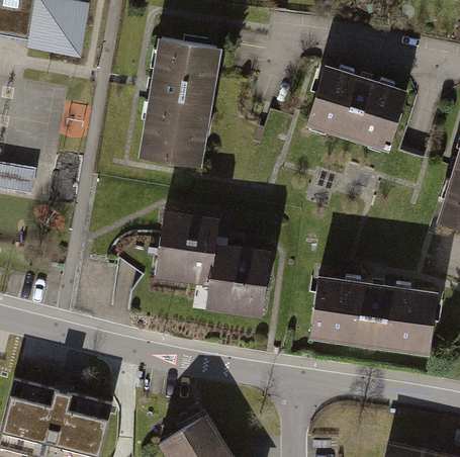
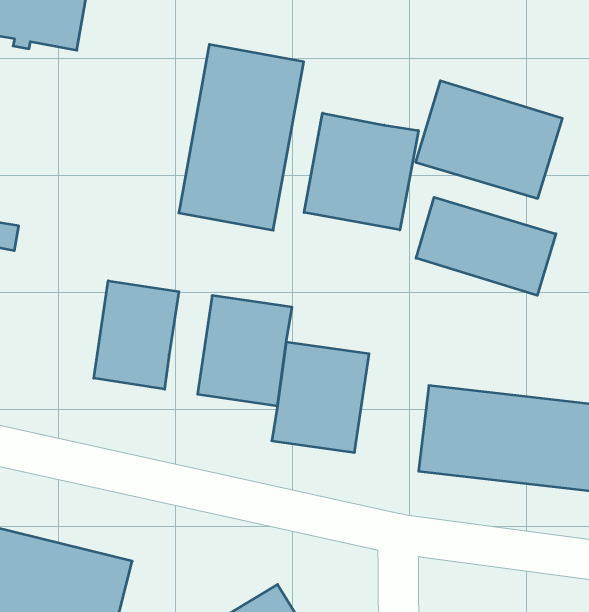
building: none -> [304,113,418,230]
building: none -> [416,197,556,295]
building: none -> [94,281,179,389]

